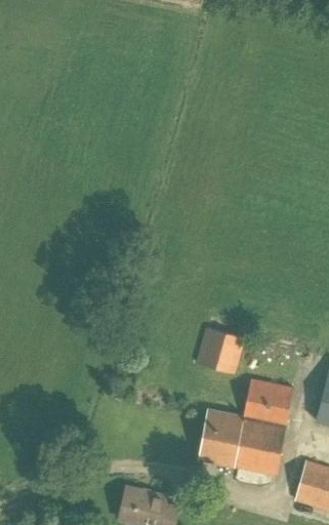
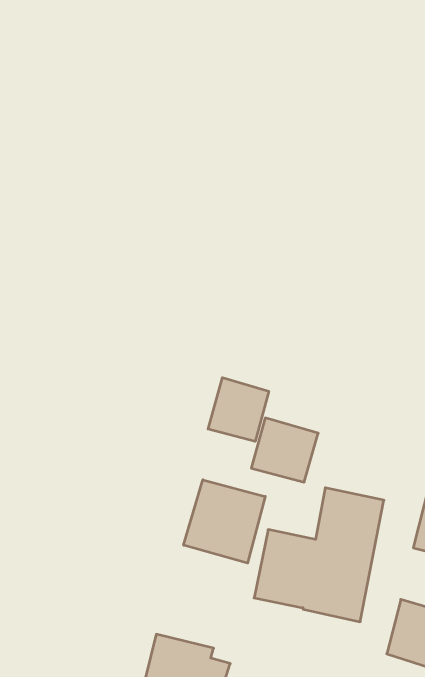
building: none -> [208,378,269,441]
building: none -> [184,480,265,563]

